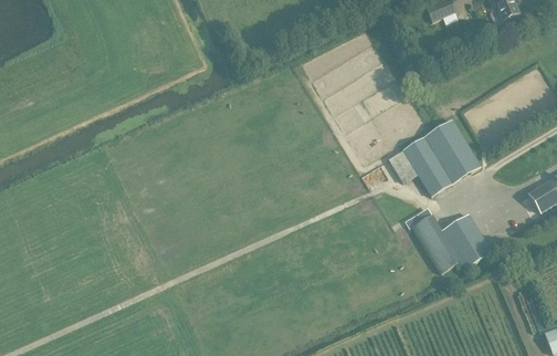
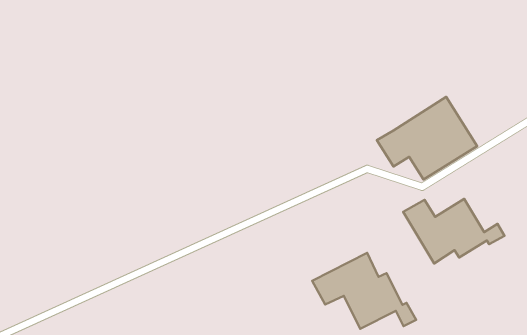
building: none -> [312,253,416,329]

